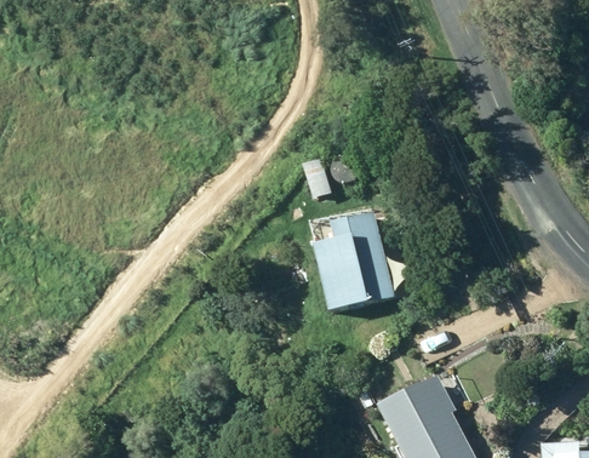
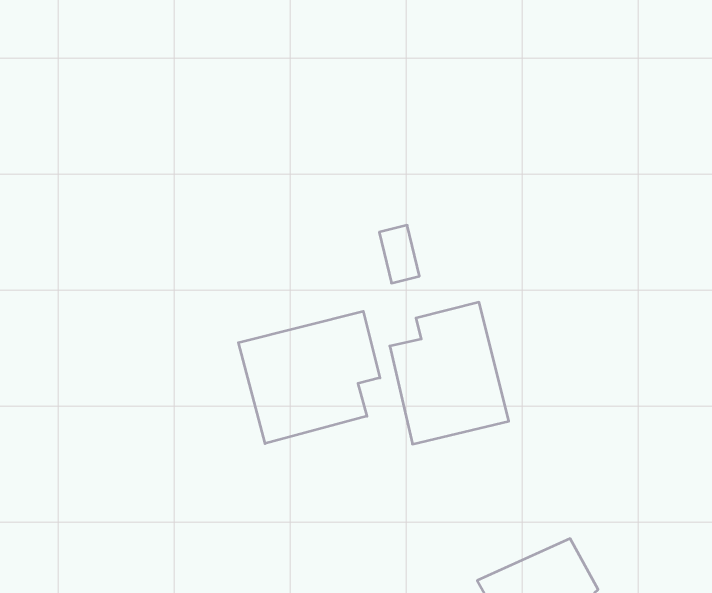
building: none -> [238,311,380,444]

